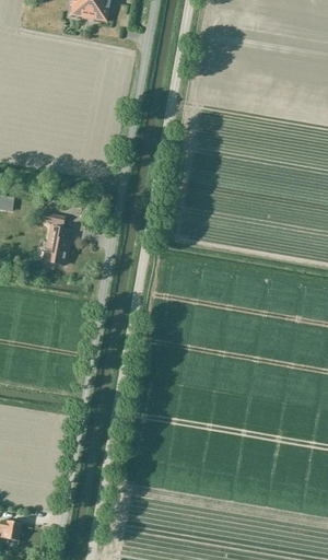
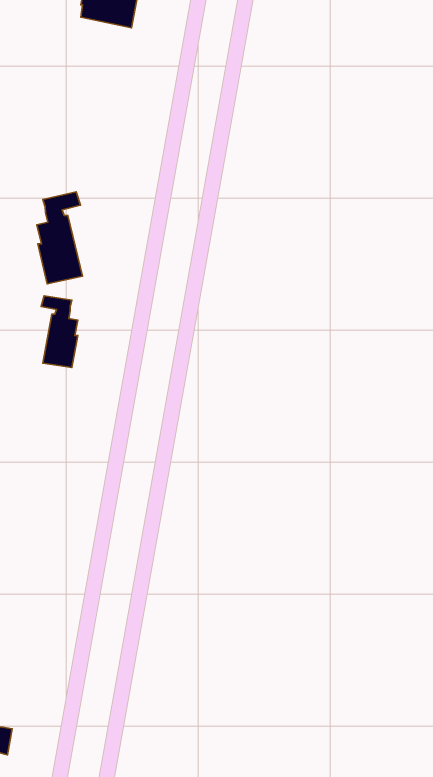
building: none -> [37,192,82,284]

